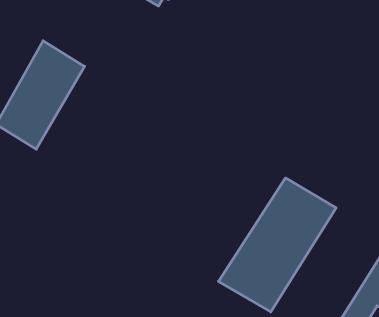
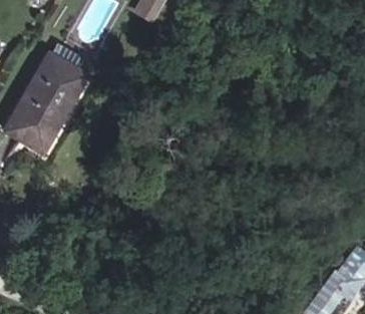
building: [218,178,336,312] -> none

